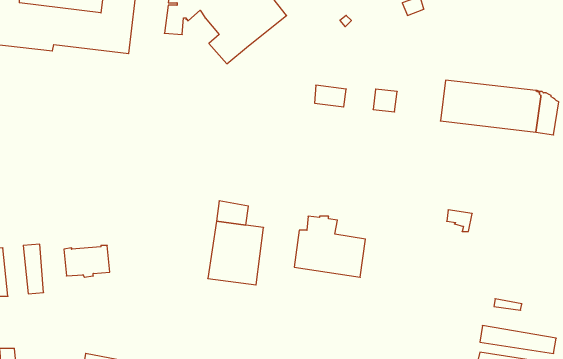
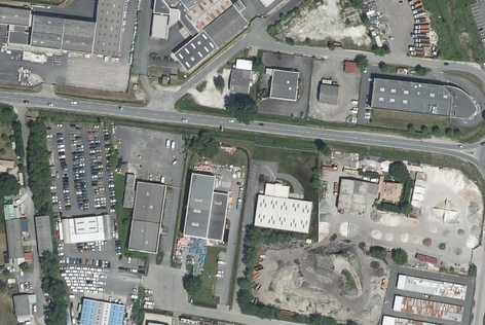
building: none -> [231,65,252,89]
building: none -> [123,173,166,250]
building: none -> [337,177,367,209]

